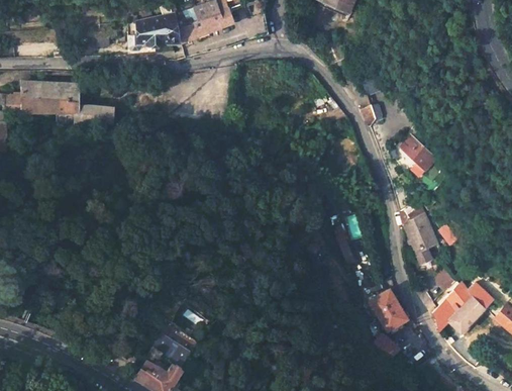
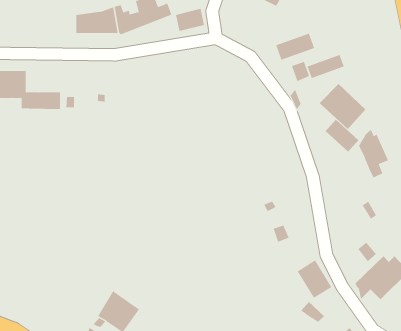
building: none -> [276,33,315,61]
building: none -> [307,54,345,79]
building: none -> [319,83,366,130]
building: [404,209,437,263] -> [358,129,389,178]

